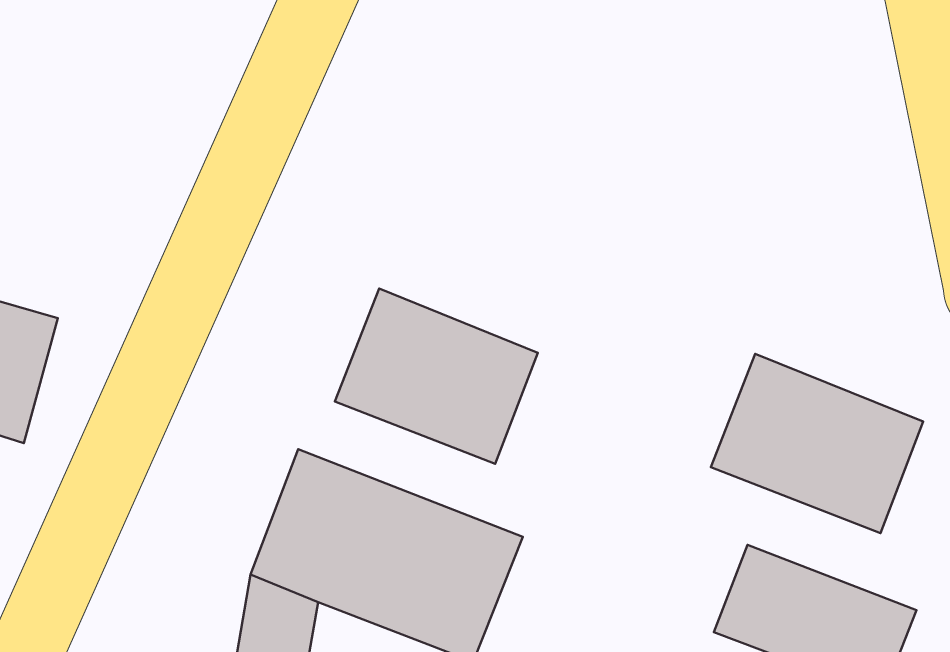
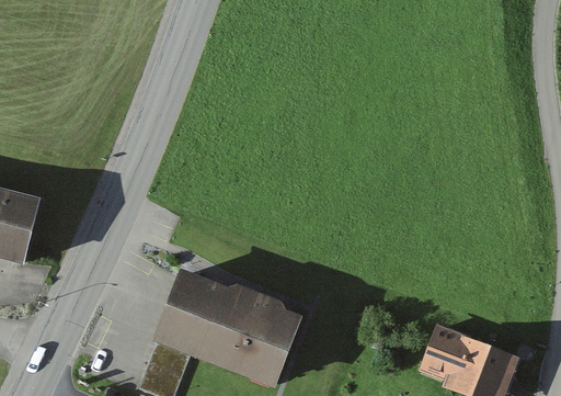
building: [335,288,538,464] -> none
building: [711,354,923,533] -> none

